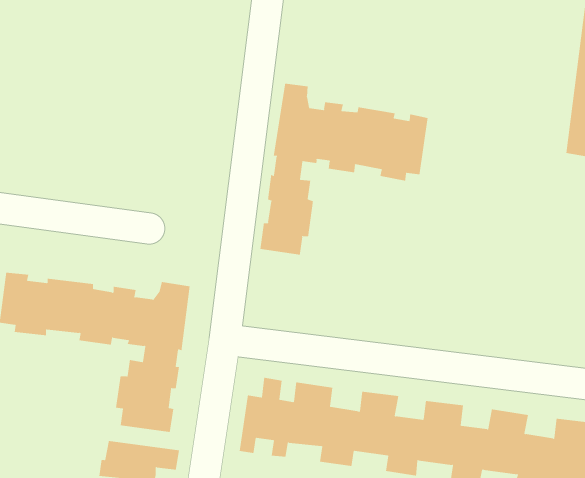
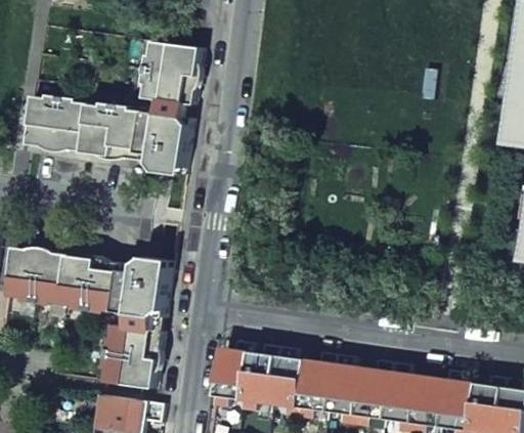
building: none -> [23,42,199,175]
building: [260,83,428,256] -> none

